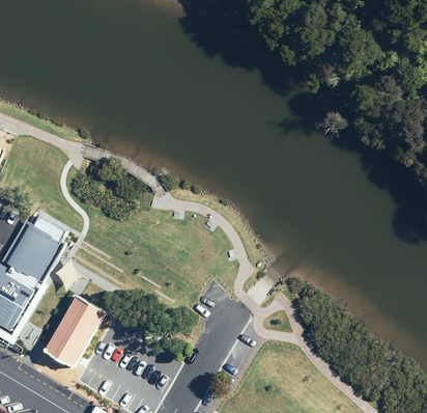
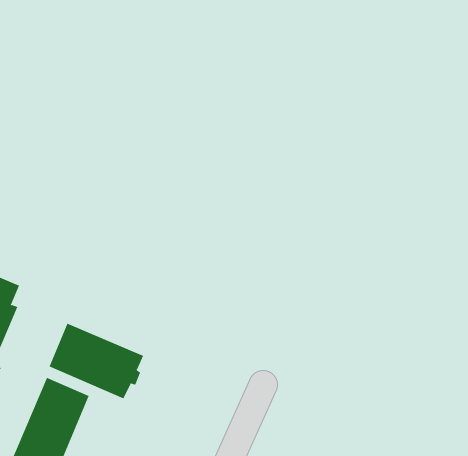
building: none -> [49,323,144,399]

